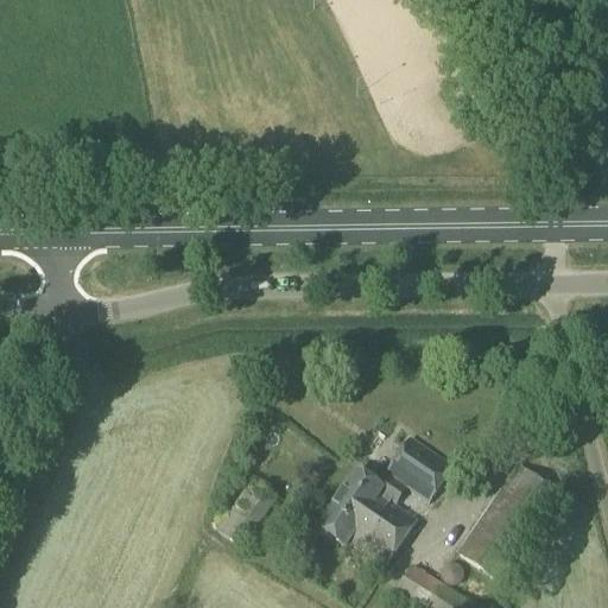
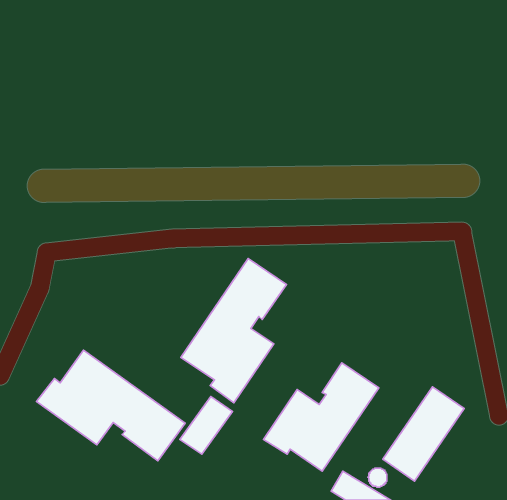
building: none -> [181,258,286,403]
building: none -> [36,350,185,461]

